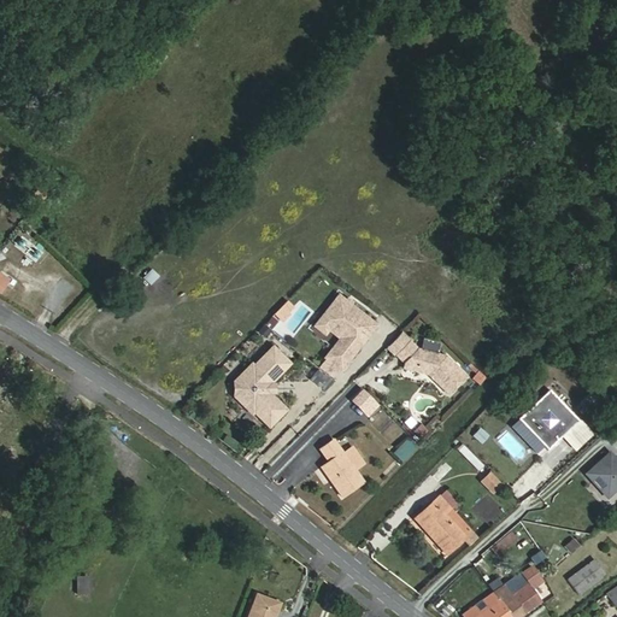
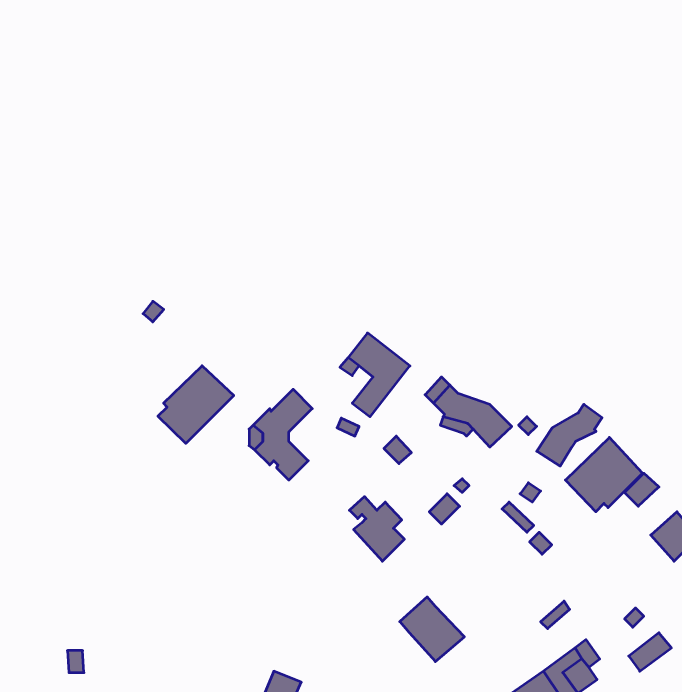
building: none -> [158,366,234,443]
building: none -> [537,404,602,466]
building: [415,496,471,553] -> [400,597,464,662]

